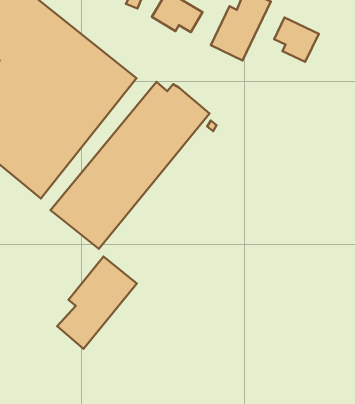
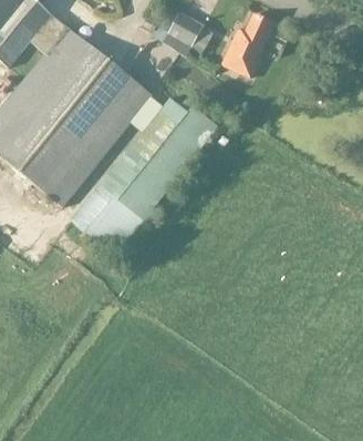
building: [274,17,319,62] -> none
building: [57,256,137,349] -> none

